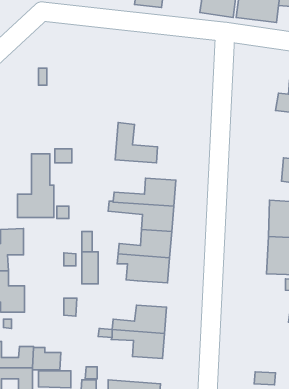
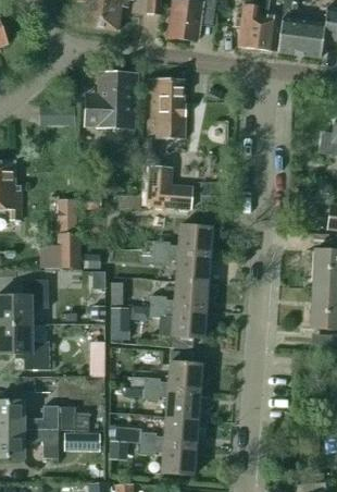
building: none -> [85,72,137,128]
building: none -> [142,77,187,157]
building: none -> [139,417,198,446]

